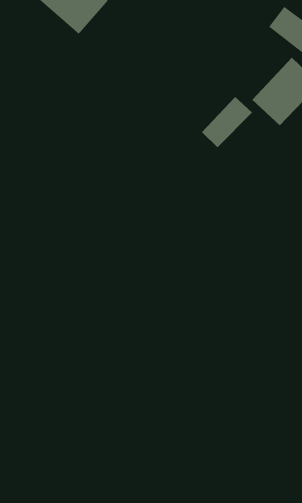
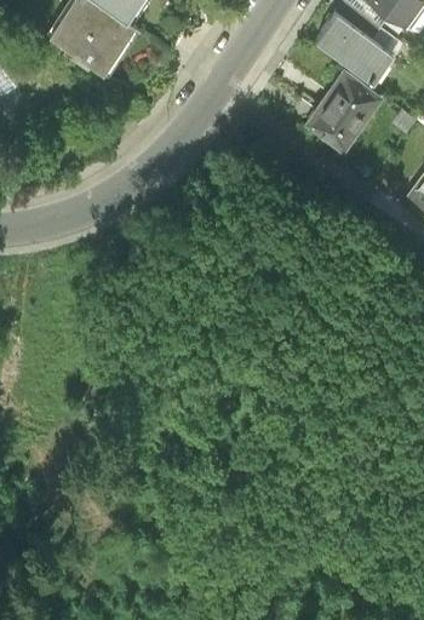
building: [201,96,253,148] -> none

